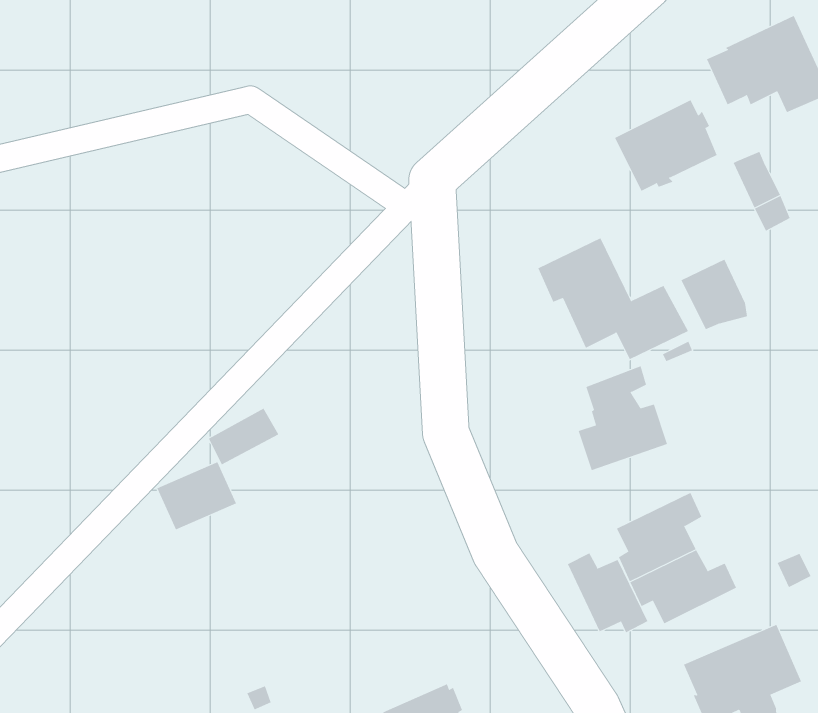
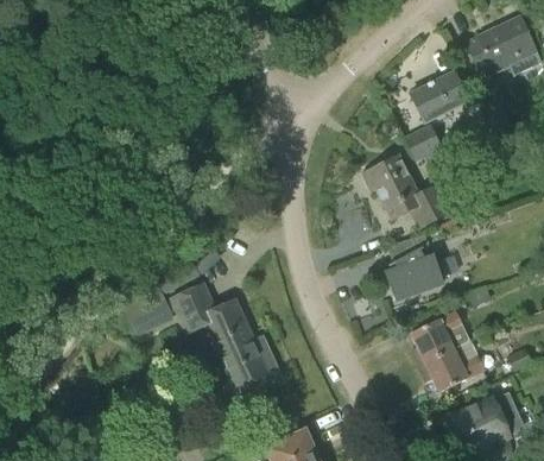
building: [681,259,748,330] -> [404,122,445,166]
building: none -> [172,283,280,393]
building: [567,552,648,633] -> none

